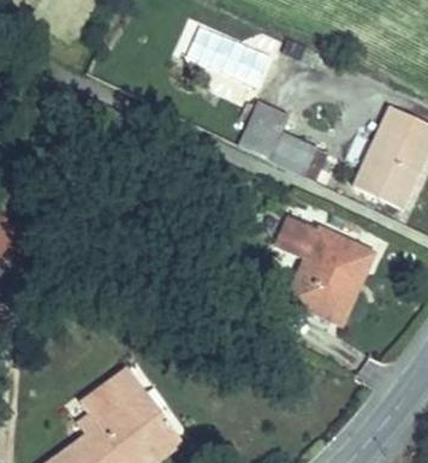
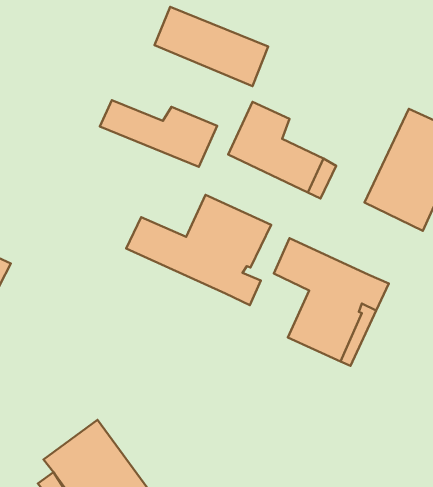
building: none -> [100,100,217,167]
building: none -> [126,195,271,305]

